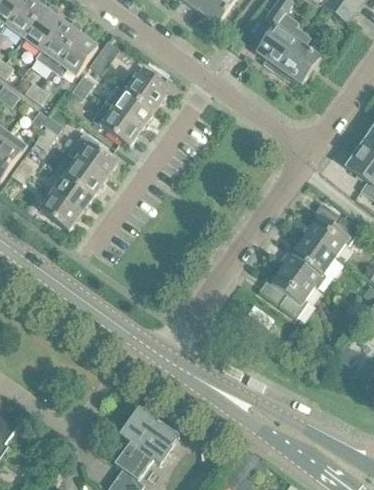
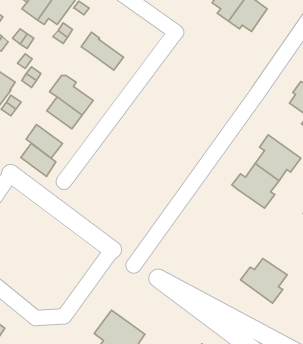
building: [124,66,168,114] -> none
building: [92,102,142,147] -> none
building: [52,176,93,214] -> [21,144,56,176]
building: [259,267,313,319] -> [241,258,287,303]

